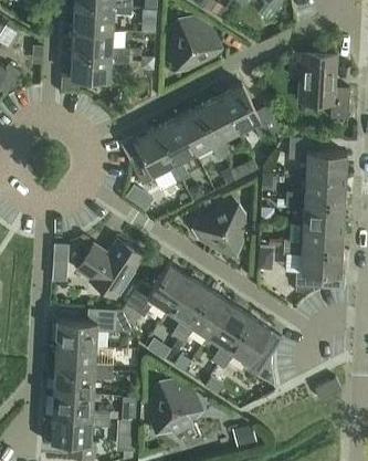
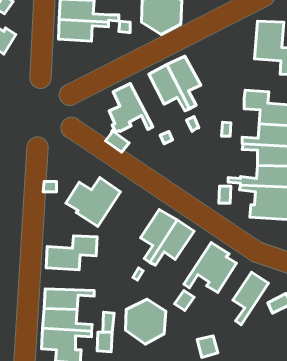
building: [219,85,281,140] -> none
building: [155,118,194,180] -> none
building: [199,202,246,255] -> none
building: [126,264,189,317] -> none
building: [208,303,250,365] -> [233,272,269,325]
building: [55,346,113,373] -> none

